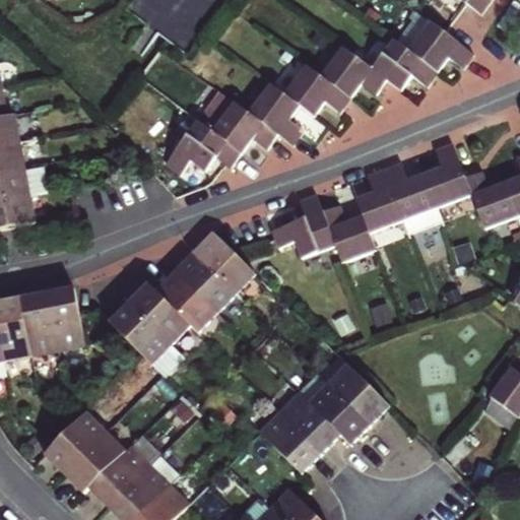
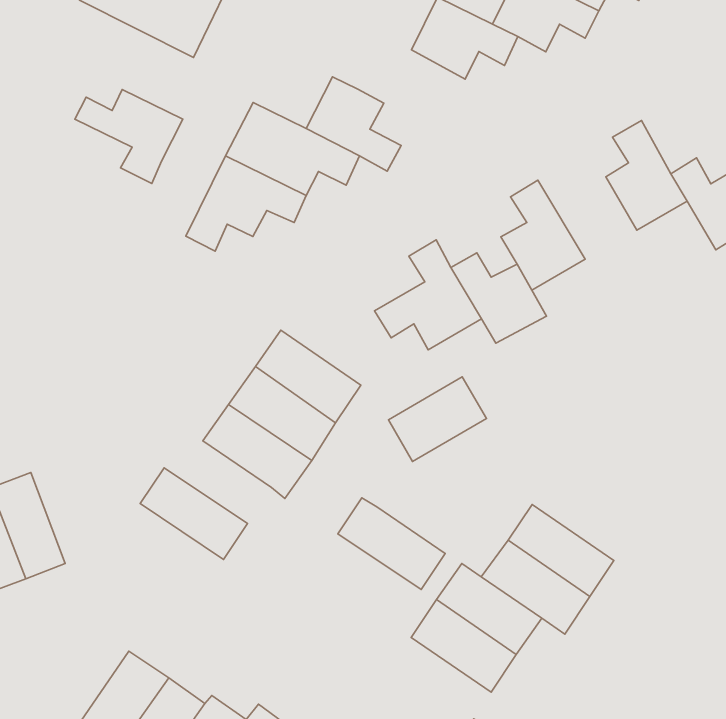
building: [283,63,349,115] -> none
building: none -> [75,89,183,184]
building: [383,160,443,234] -> none
building: none -> [388,377,486,462]
building: [126,282,189,344] -> [338,498,445,590]
building: [45,285,82,349] -> none

